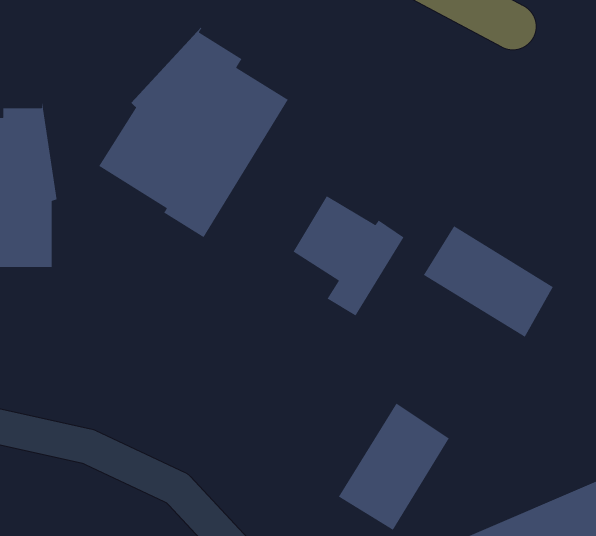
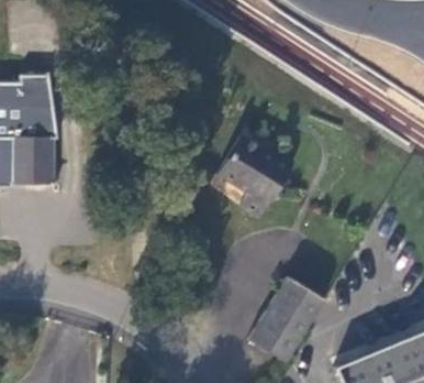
building: [98,27,289,238] -> none
building: [423,225,554,338] -> none

